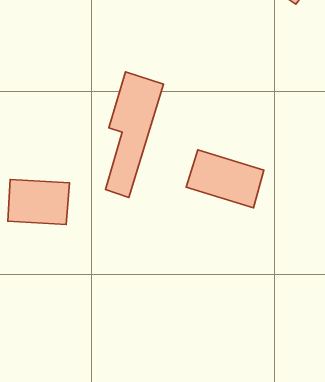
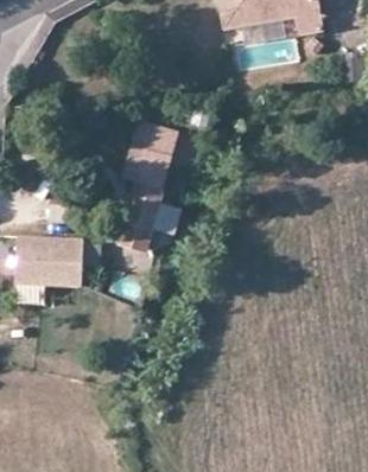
building: [186,150,264,208] -> none

